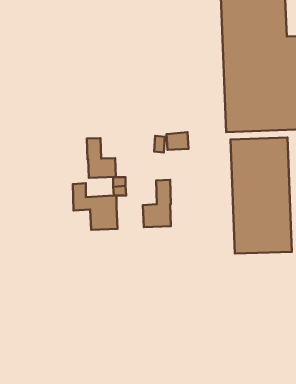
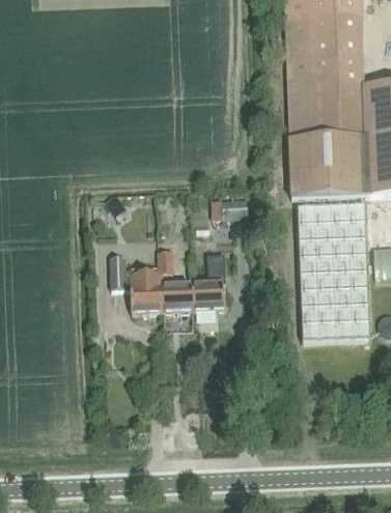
building: [87,138,116,178] -> none
building: none -> [163,281,195,309]

